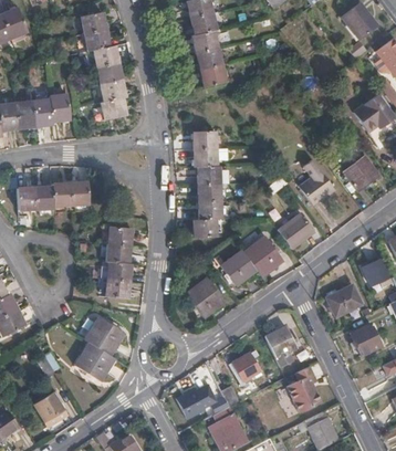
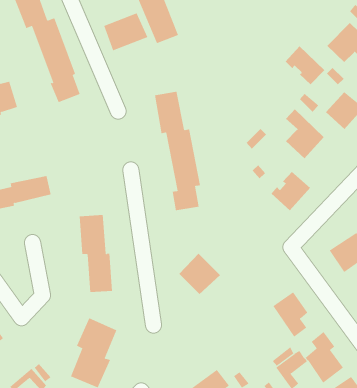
building: none -> [104,13,148,51]
building: none -> [285,45,325,85]
building: [221,237,283,284] -> none
building: [230,349,260,384] -> none

